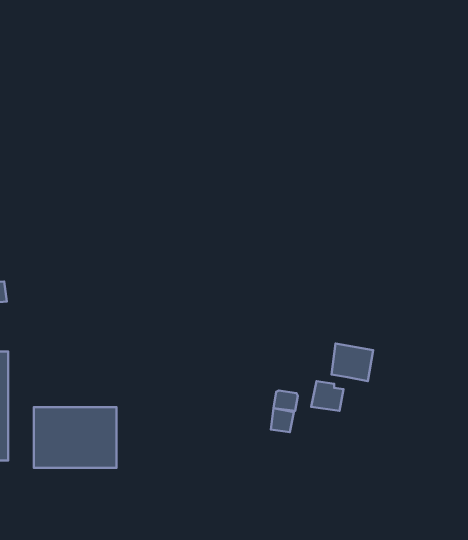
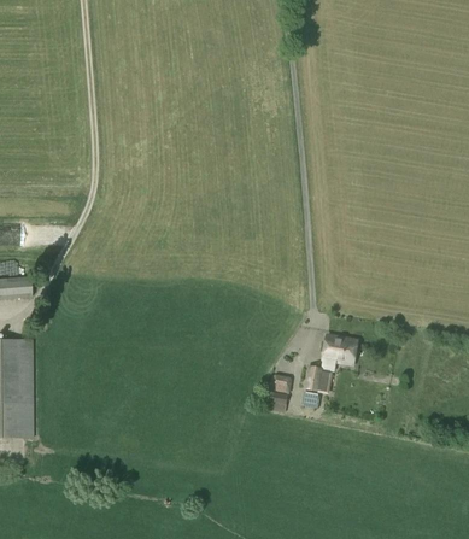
building: [34,407,117,468] -> none

